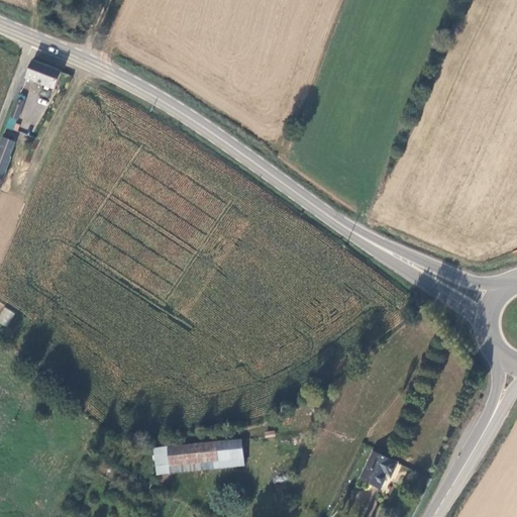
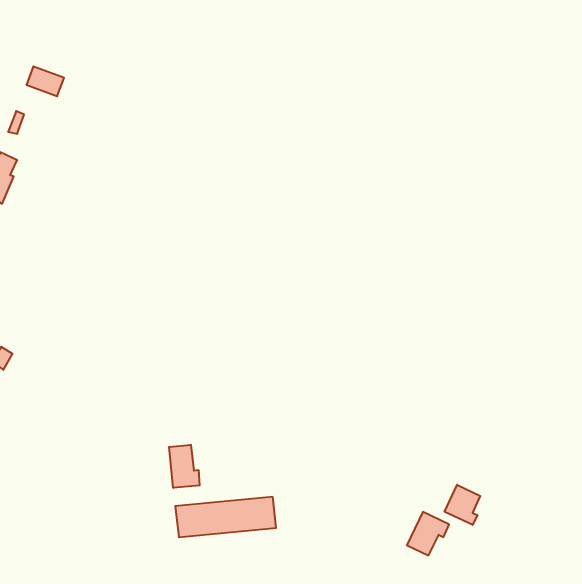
building: none -> [169,445,200,488]
building: none -> [445,485,480,525]

